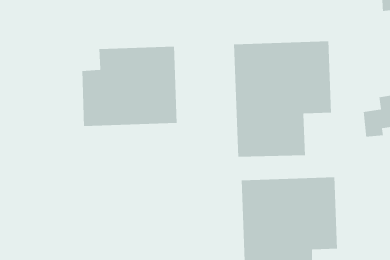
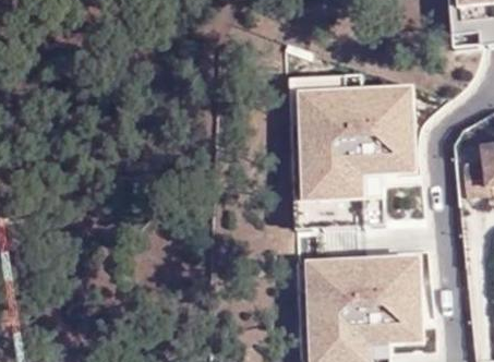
building: [81,46,178,127] -> none

